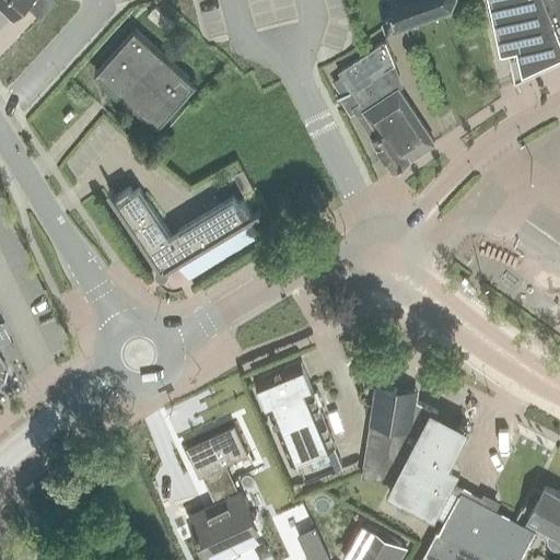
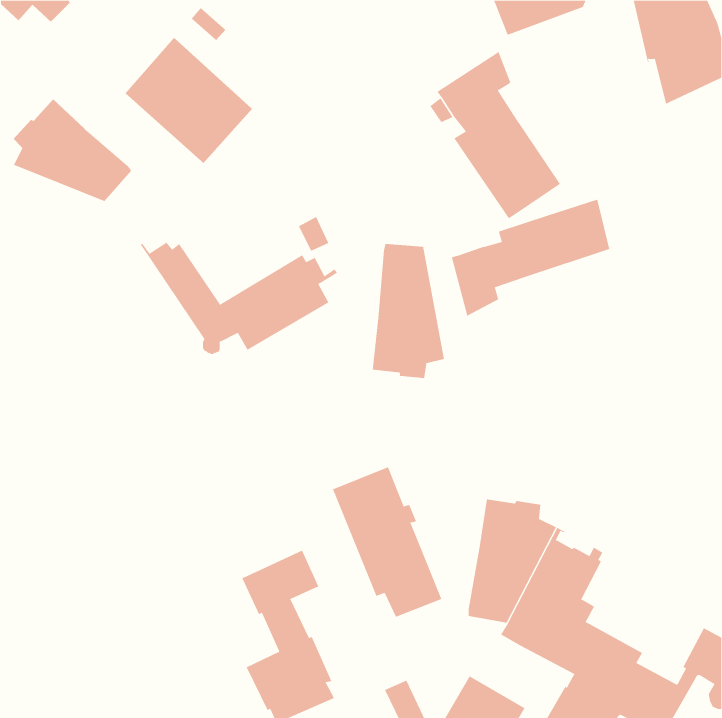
building: none -> [13,99,132,202]
building: none -> [451,199,610,317]
building: none -> [372,243,444,379]

